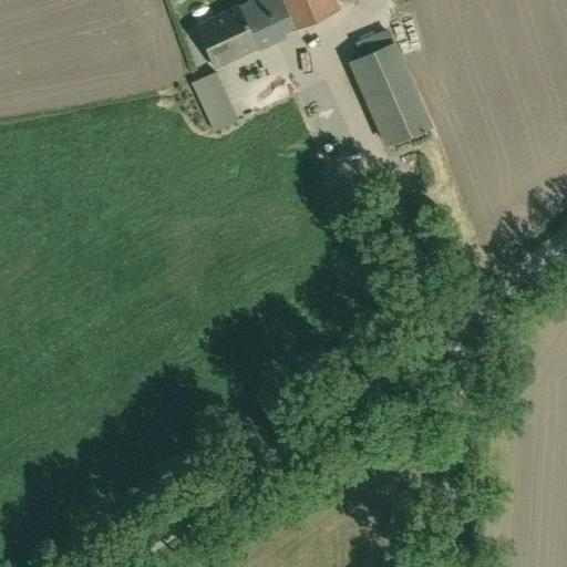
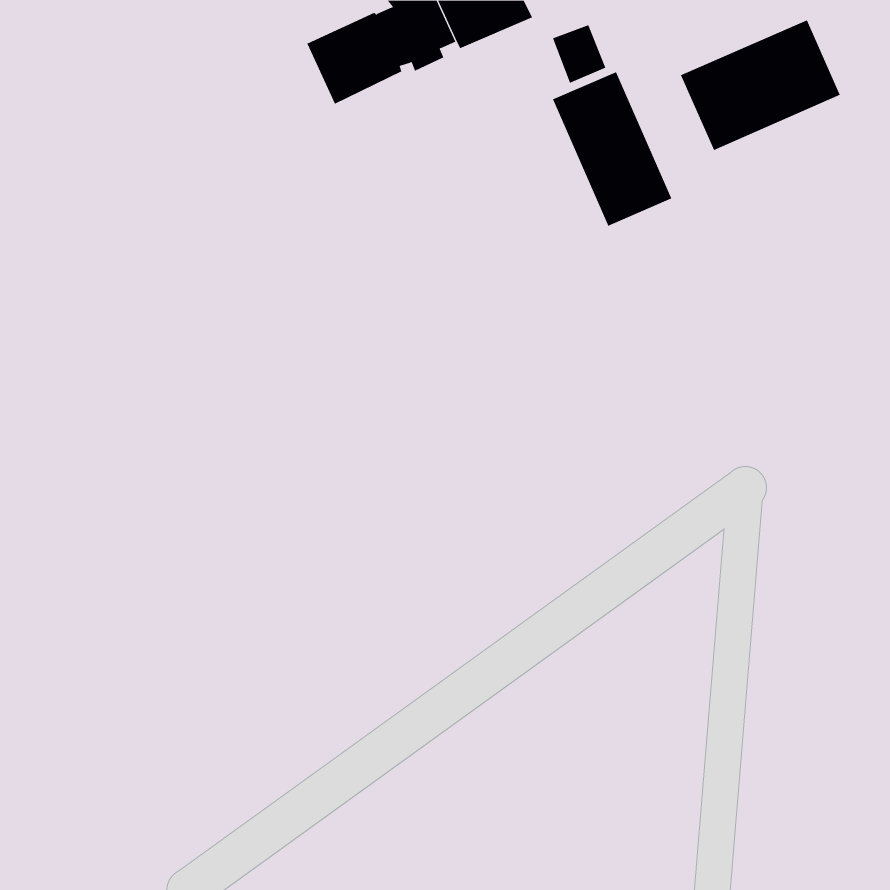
building: none -> [680,19,841,151]
building: [196,71,244,132] -> none

